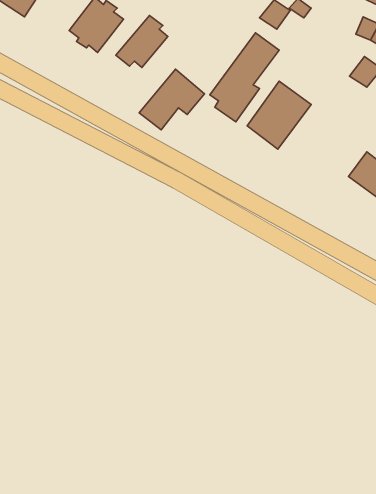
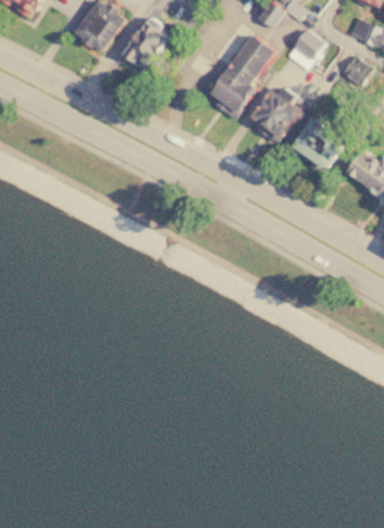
building: none -> [285,29,325,70]
building: [139,69,205,130] -> none
building: none -> [288,118,342,171]

